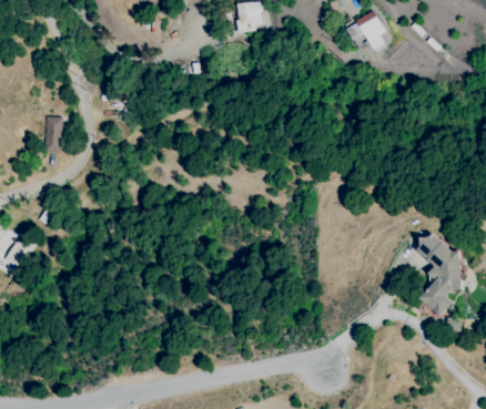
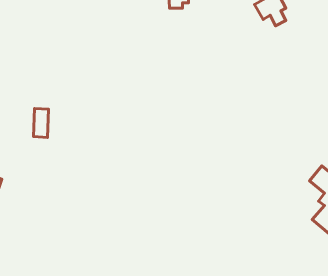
building: [44,115,63,152] -> [34,108,48,137]

